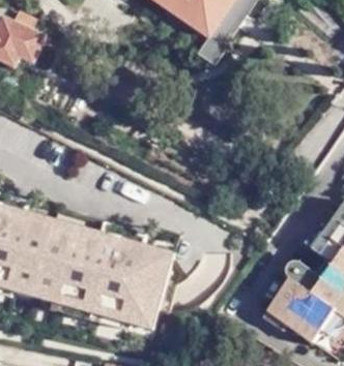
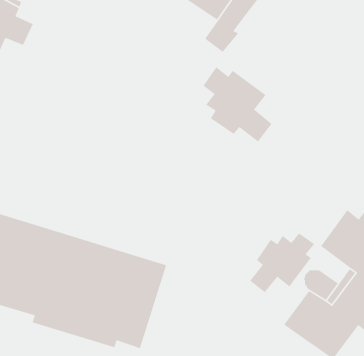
building: none -> [203,66,273,142]
building: none -> [249,232,315,293]

